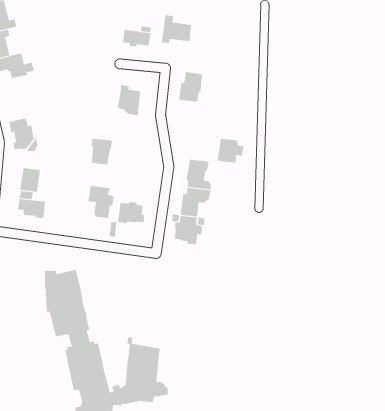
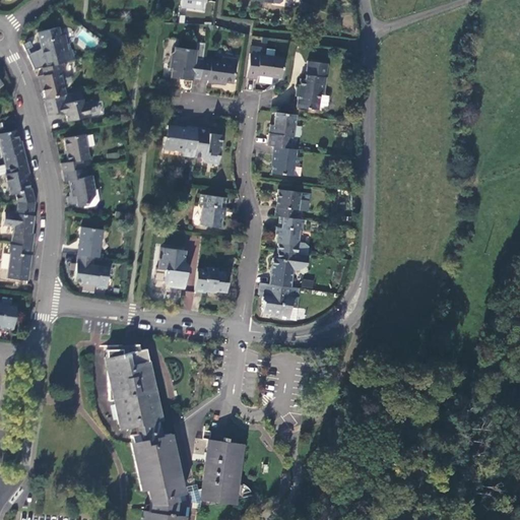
building: none -> [170,41,205,78]
building: none -> [296,59,328,109]
building: none -> [162,125,198,157]
building: none -> [62,134,89,172]
building: none -> [271,146,299,176]
building: [91,138,113,165] -> [200,194,226,226]
building: [217,139,244,163] -> [275,189,308,218]

